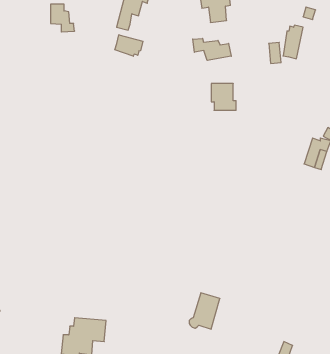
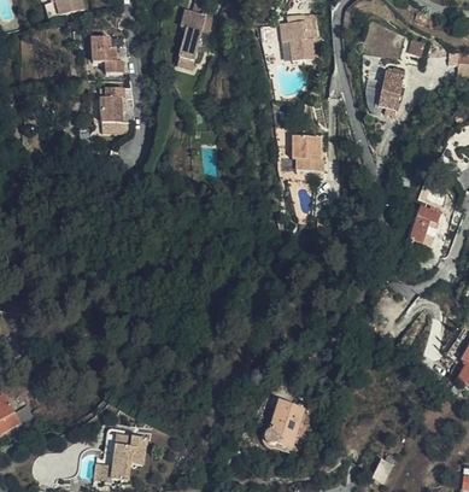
building: [115,35,143,56] -> none
building: [193,38,231,60] -> none
building: none -> [96,87,121,122]

